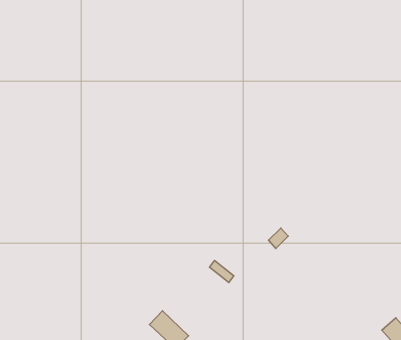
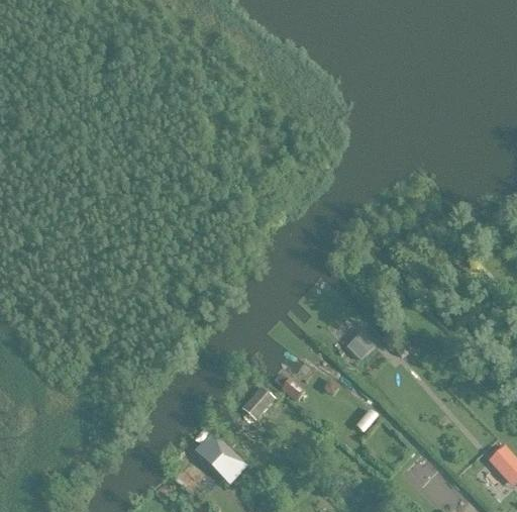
building: none -> [241,387,274,420]

